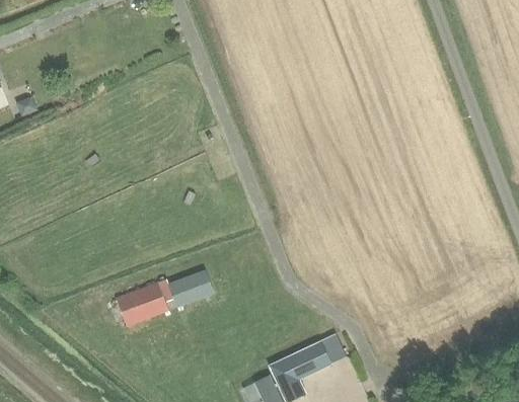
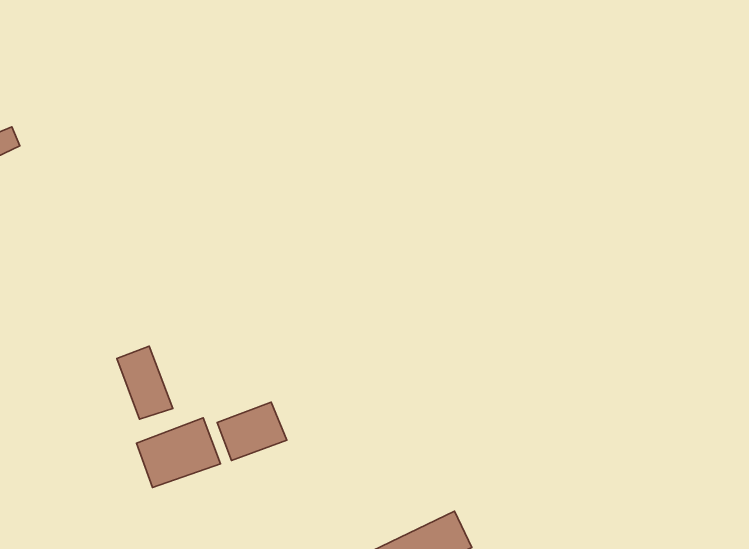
building: none -> [117,346,173,419]

